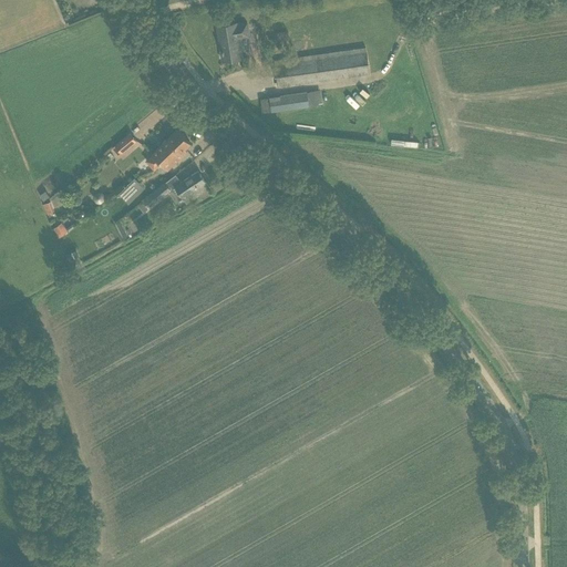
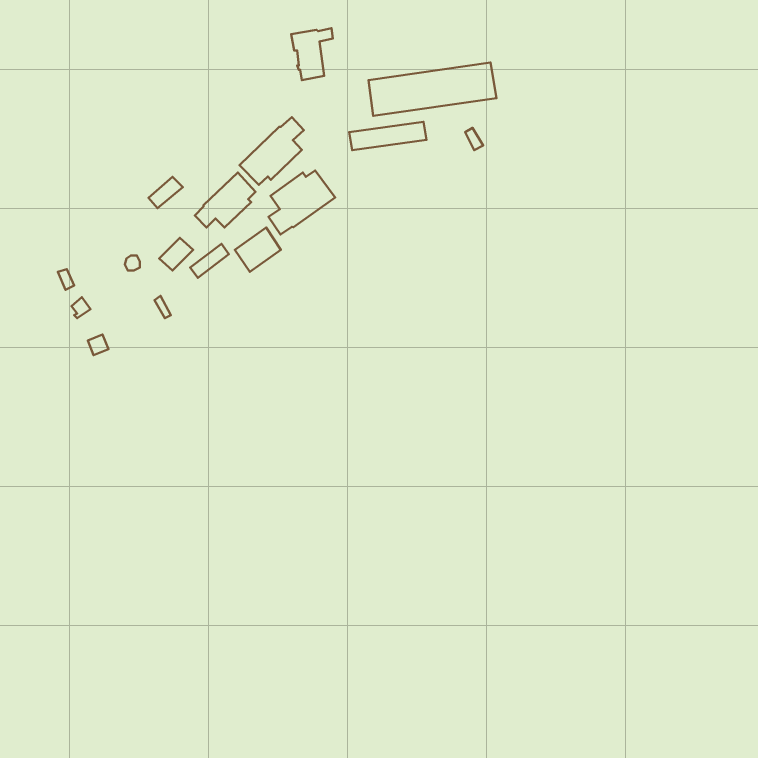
building: none -> [239,117,304,185]
building: none -> [268,170,335,234]

